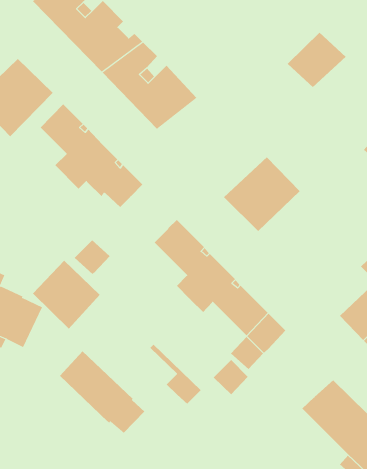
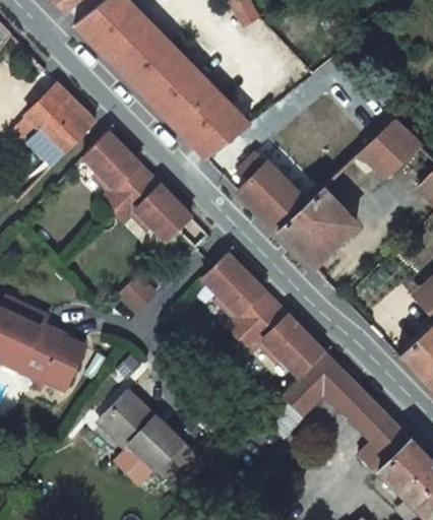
building: [287,32,347,88] -> [359,120,422,179]
building: none -> [239,153,305,231]
building: [32,260,101,329] -> none
building: none -> [324,371,392,441]
building: [149,344,202,405] -> [100,418,154,482]

